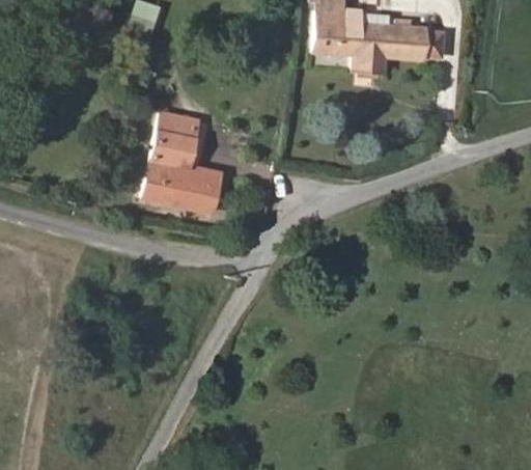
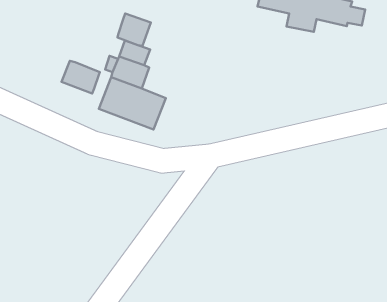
building: none -> [117,14,151,46]
building: none -> [61,61,100,94]

